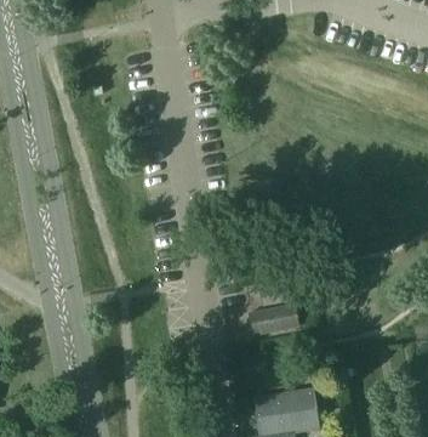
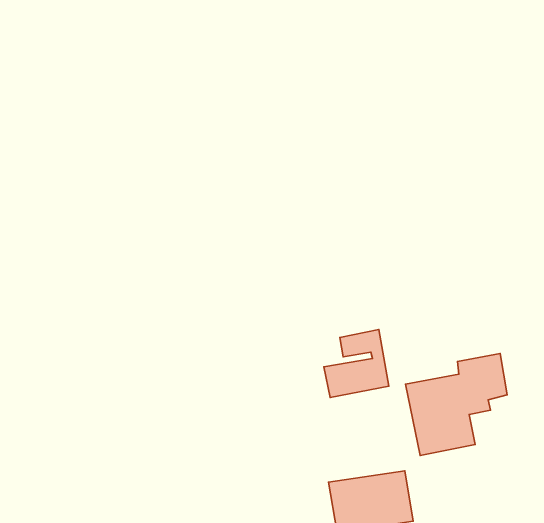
building: none -> [405,353,507,455]

